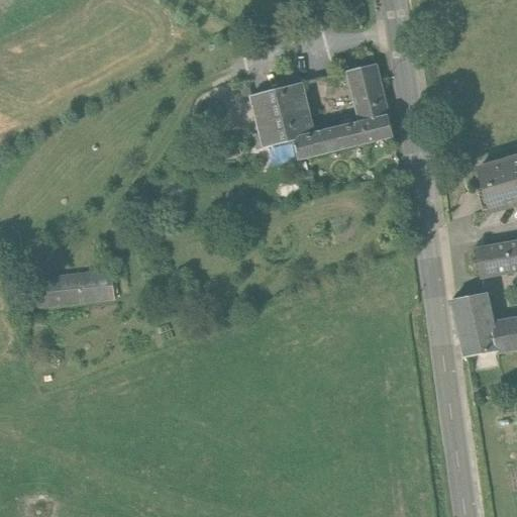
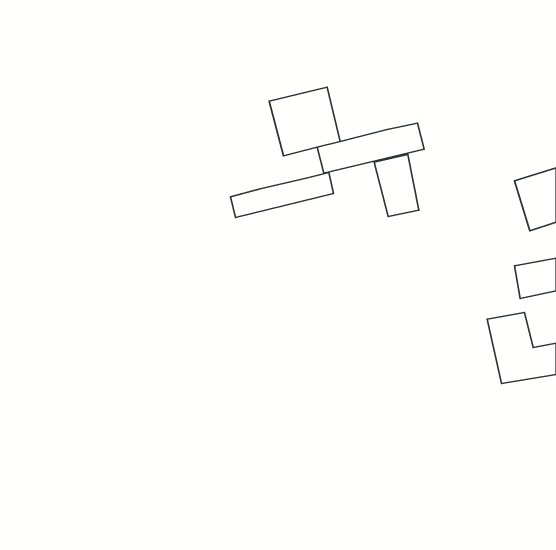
building: [345,63,387,120] -> [374,155,419,217]
building: none -> [231,173,334,218]
building: [33,268,113,305] -> none

